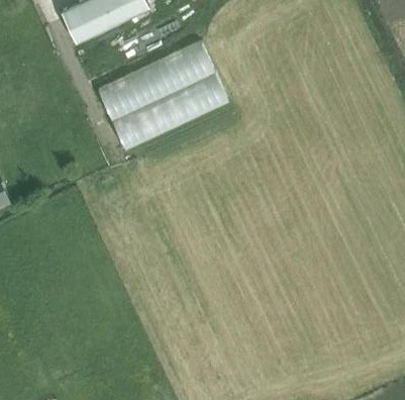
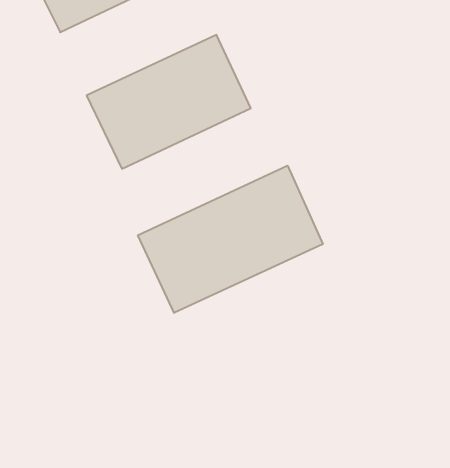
building: none -> [138,166,323,313]

